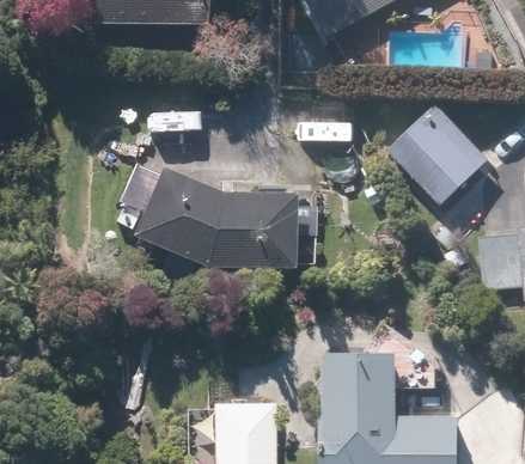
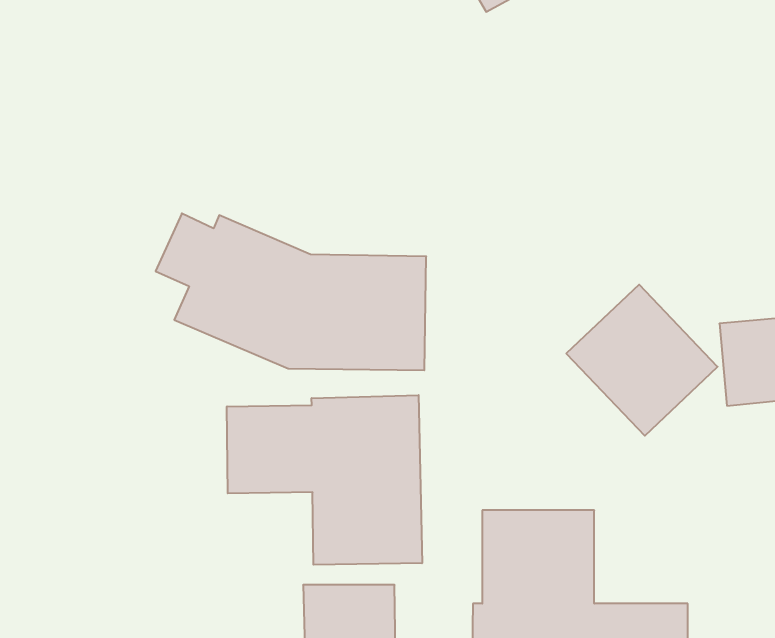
building: [391,106,488,203] -> [566,285,718,436]
building: none -> [227,395,422,565]

